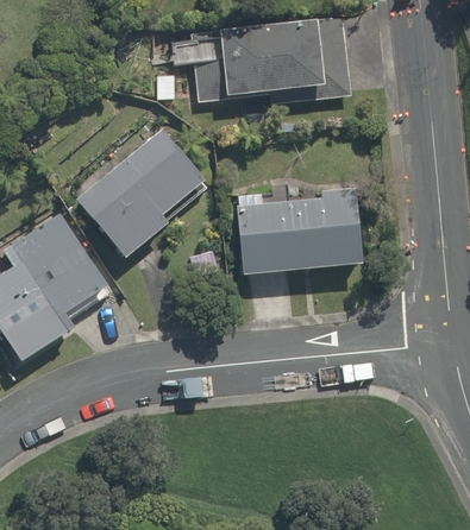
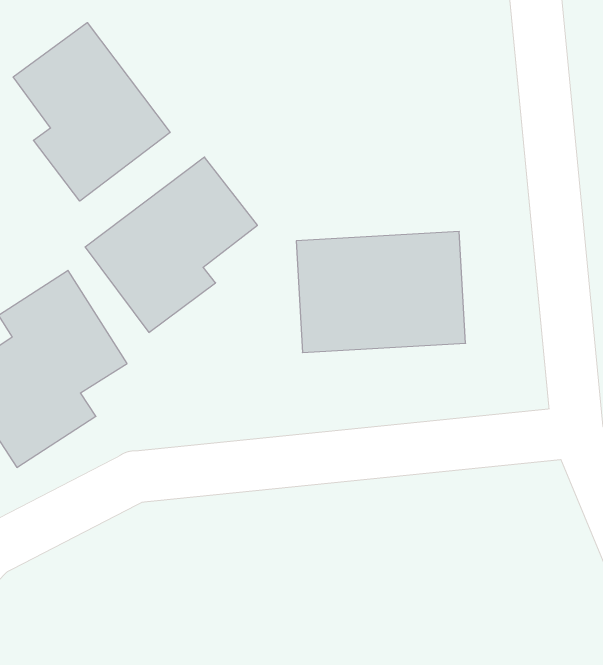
building: [174,18,353,100] -> none
building: none -> [13,23,170,201]

